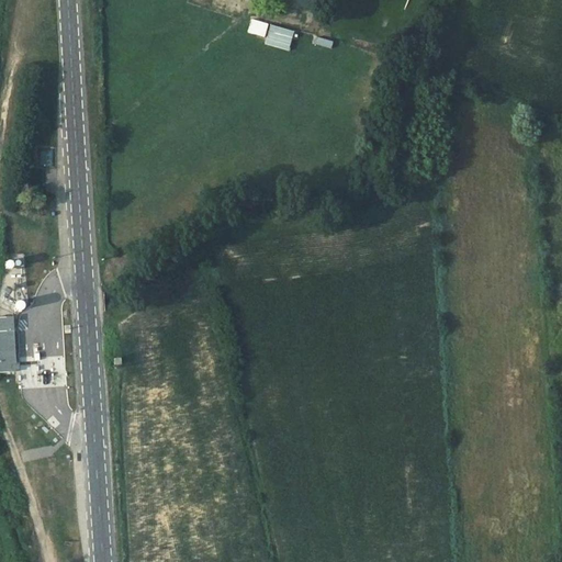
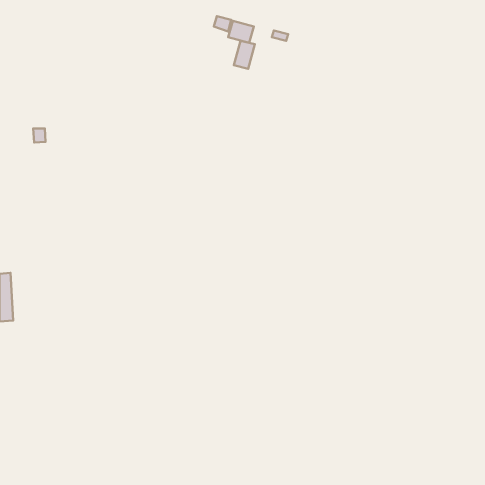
building: none -> [234,41,255,69]

